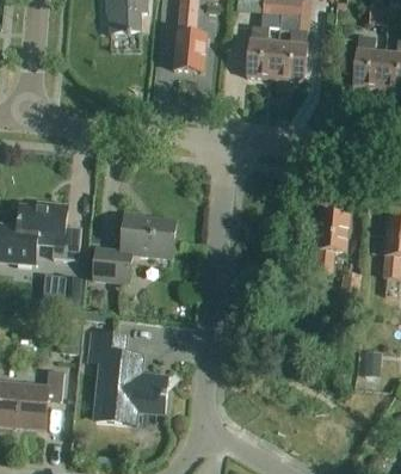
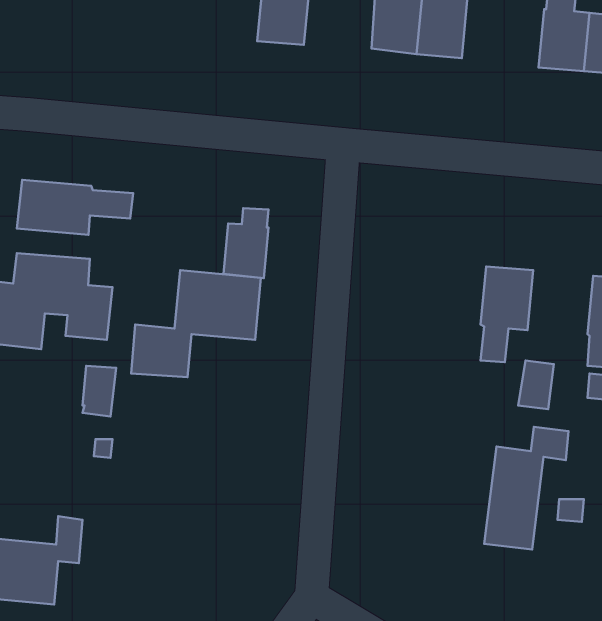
building: none -> [17,180,133,235]
building: none -> [224,208,269,278]
building: none -> [484,427,568,550]
building: [88,331,166,421] -> none

